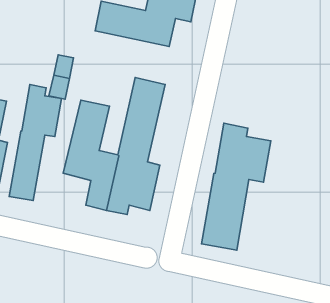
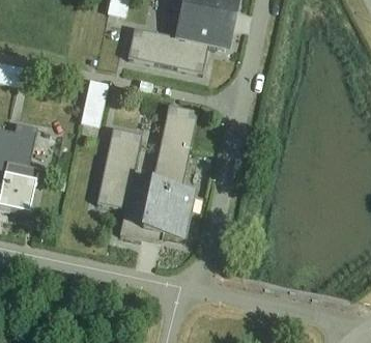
building: [9,85,62,200] -> none
building: [201,123,271,250] -> none

